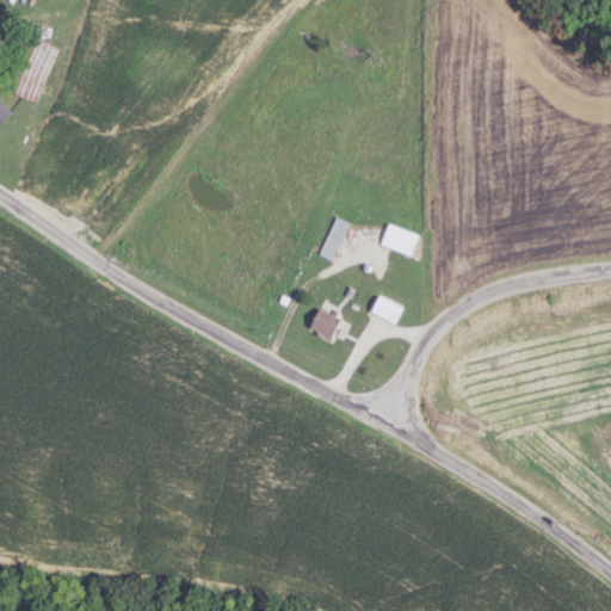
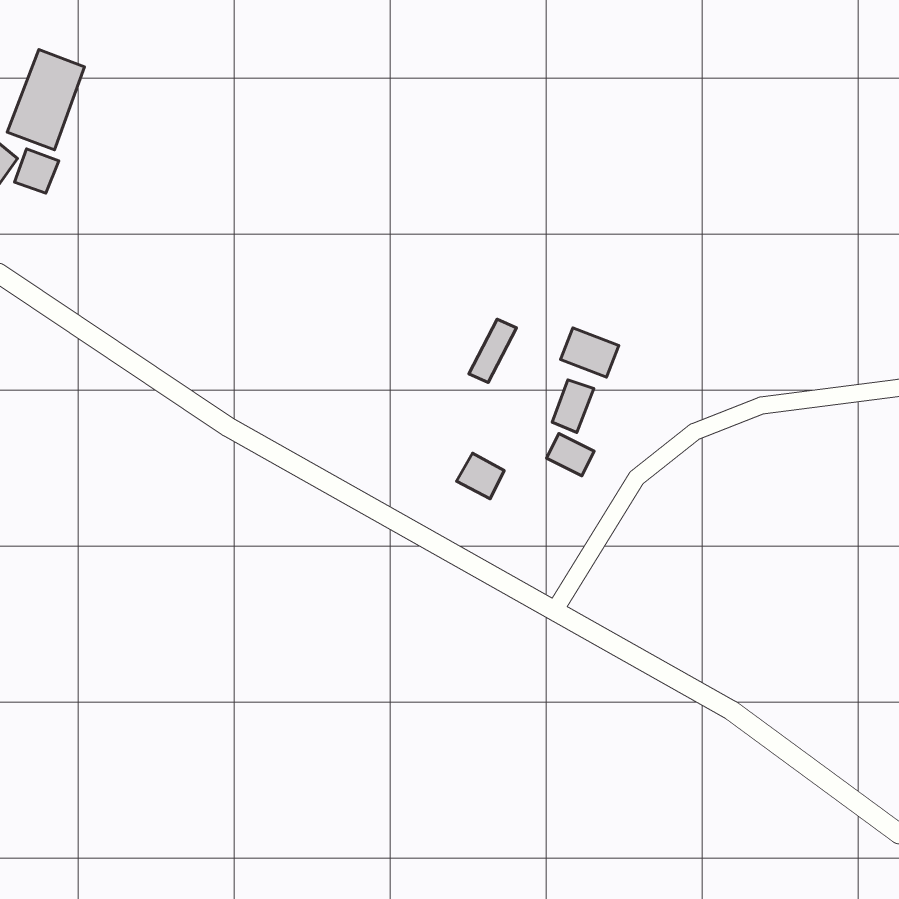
building: none -> [15,149,59,193]
building: none -> [552,380,594,433]

